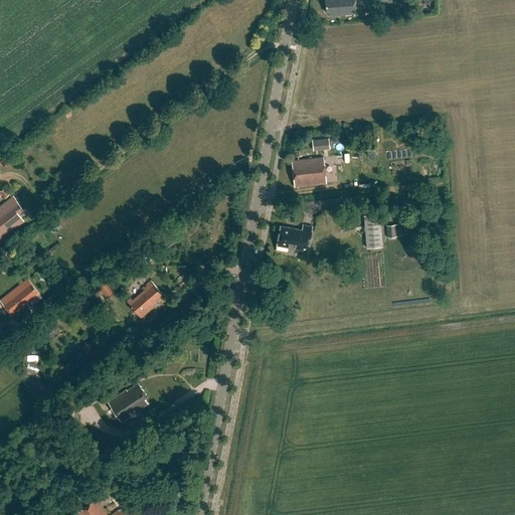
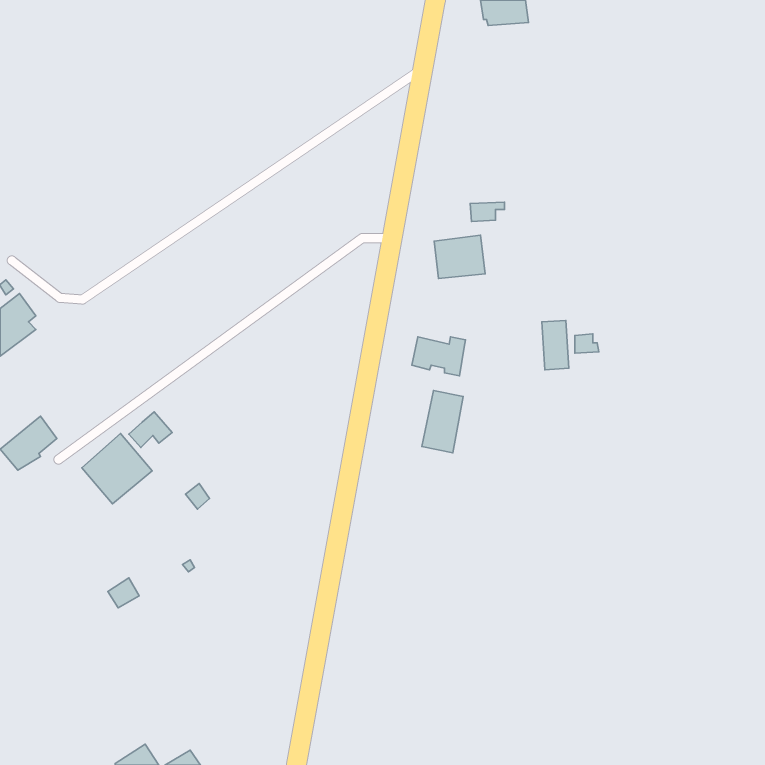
building: none -> [422,390,463,453]
building: [127,283,162,319] -> none
building: none -> [82,434,152,504]
building: [108,384,148,422] -> none

